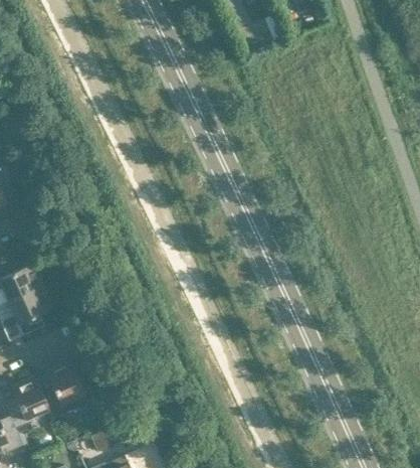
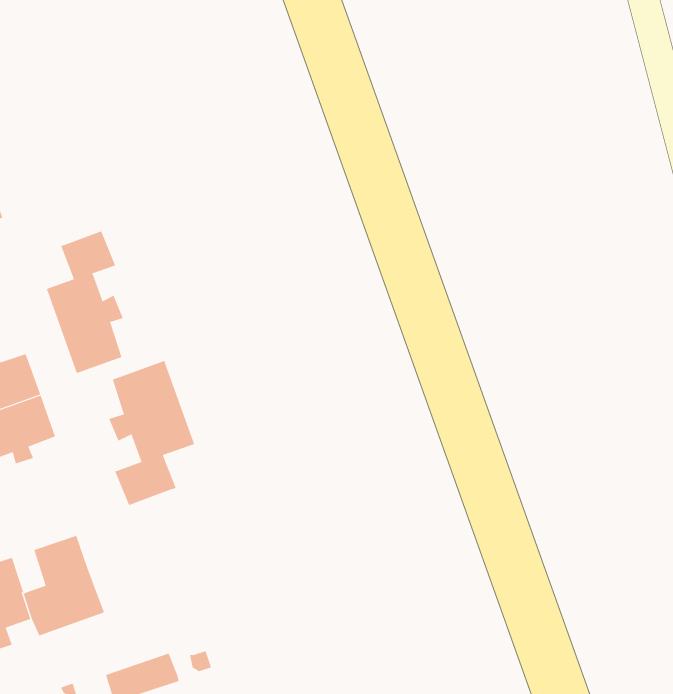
building: none -> [46,230,123,374]
building: none -> [108,360,195,506]

